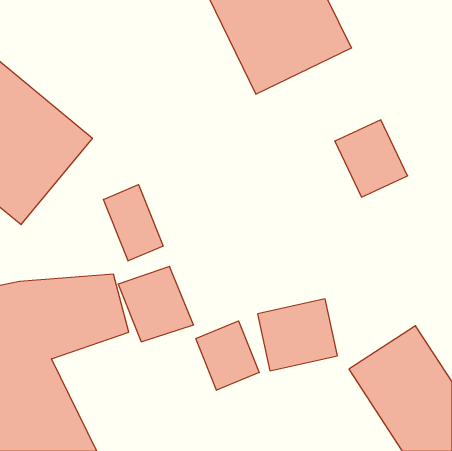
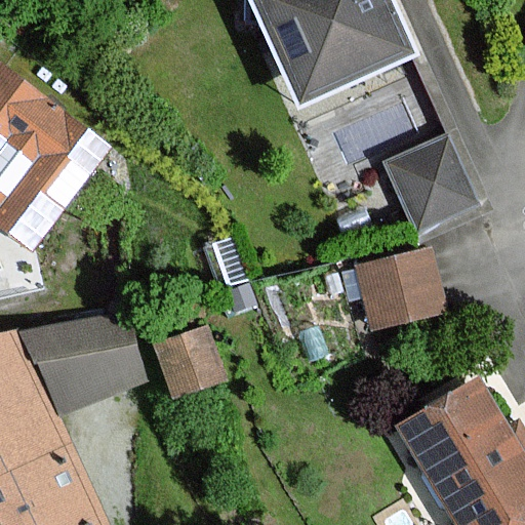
building: [103,185,163,261] -> none
building: [258,299,337,371] -> [359,248,451,331]
building: [196,321,259,390] -> none

